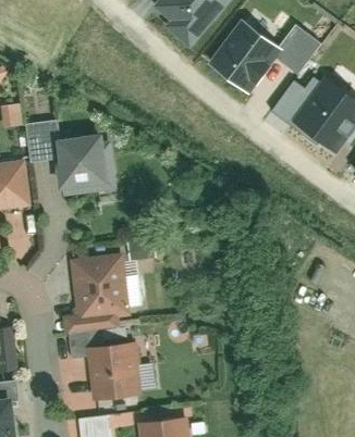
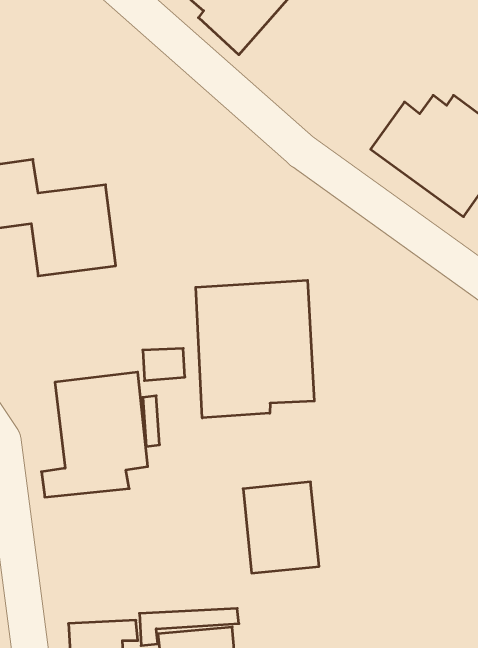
building: [209,20,321,95] -> none
building: none -> [196,280,314,418]
building: [87,342,136,401] -> [243,482,319,573]

